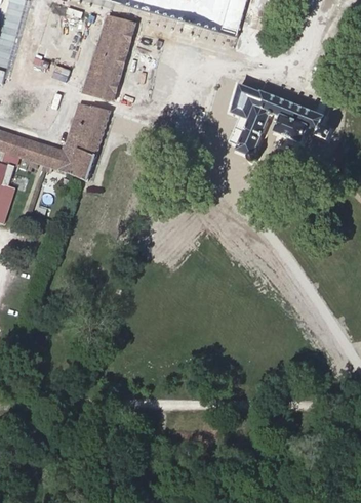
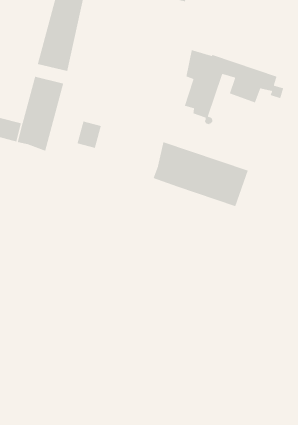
building: none -> [77,120,102,149]
building: none -> [152,141,249,207]

